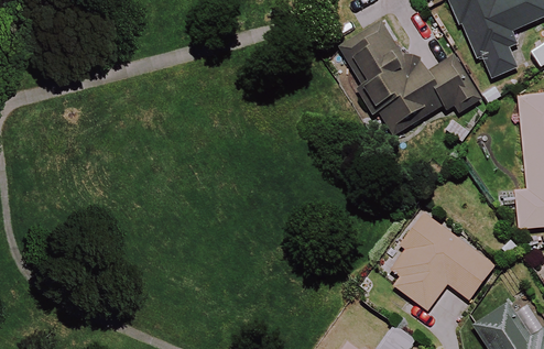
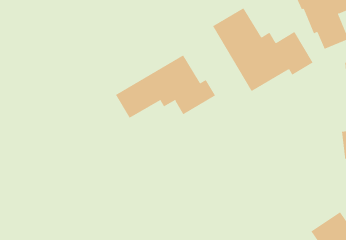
building: none -> [115,54,216,119]
building: [392,211,497,309] -> none

